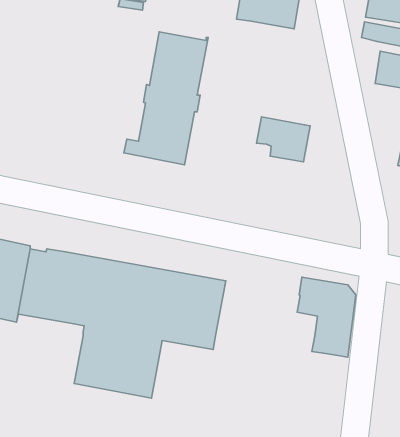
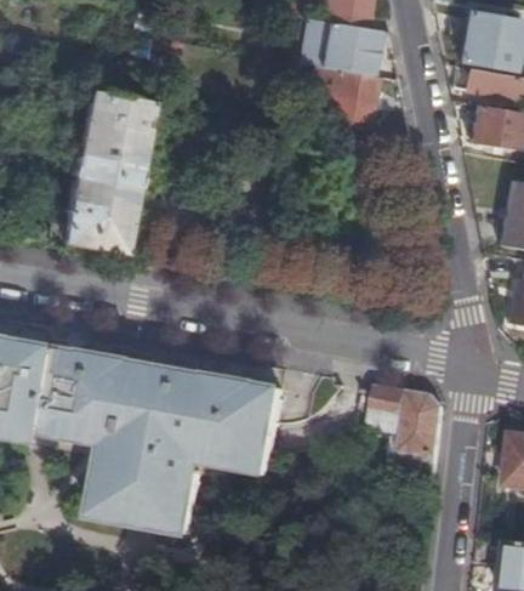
building: [124,32,208,165] -> [49,89,153,254]
building: [257,117,310,162] -> [312,66,378,121]

